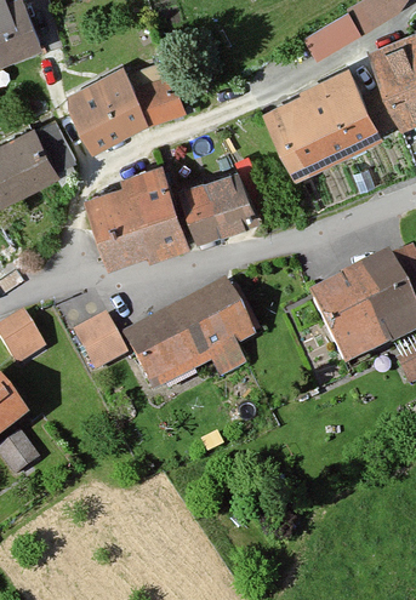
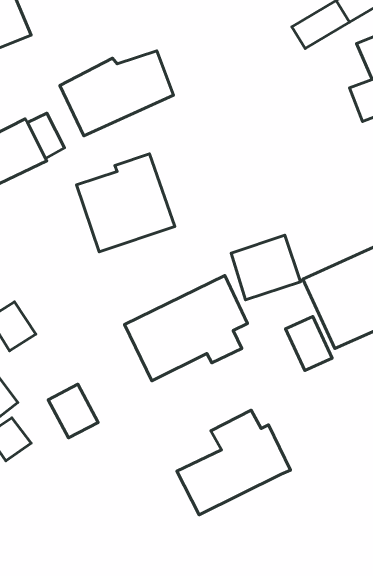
building: [266,73,378,176] -> none
building: [181,171,251,236] -> [231,235,300,300]
building: [74,315,125,370] -> [48,384,98,438]
building: none -> [285,316,332,370]
building: none -> [177,410,290,515]

